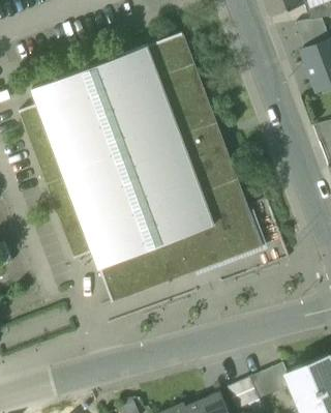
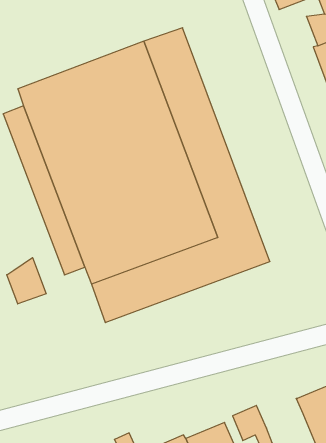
building: none -> [7,258,46,304]
building: [250,362,293,397] -> none

